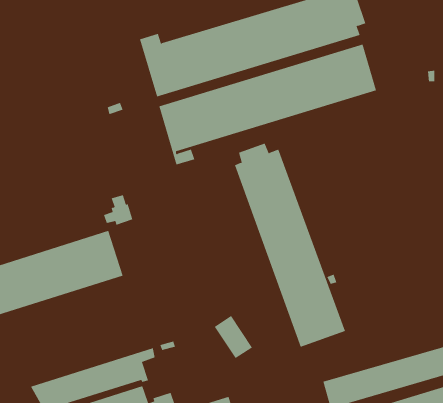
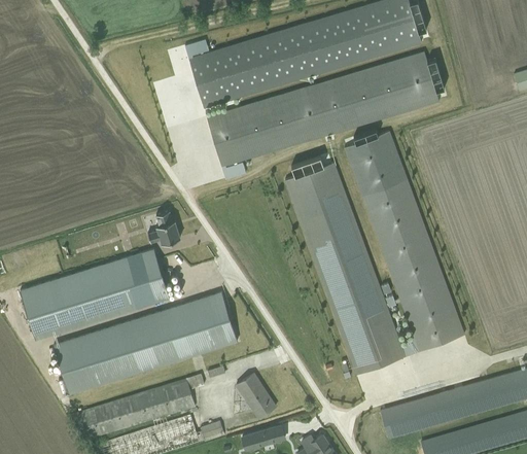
building: none -> [341,128,466,356]
building: none -> [54,292,237,394]
building: [214,315,253,359] -> [235,373,276,419]

